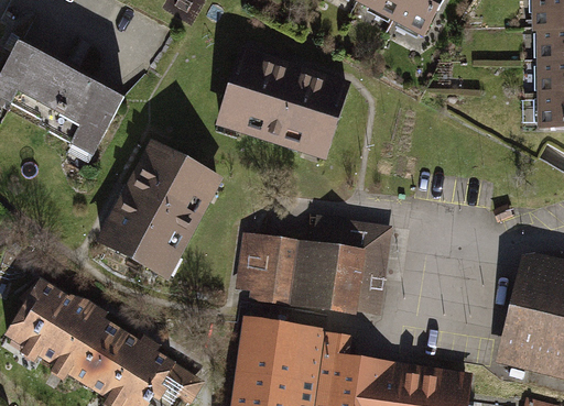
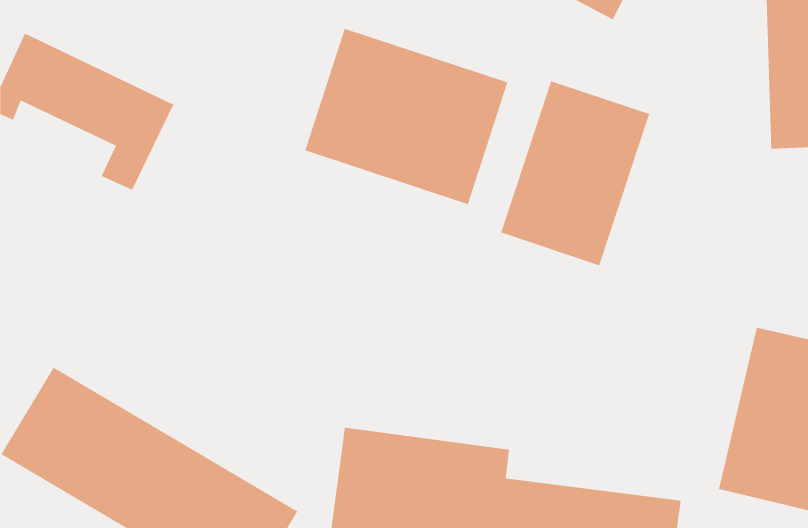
building: none -> [500,80,650,266]
building: [95,139,225,281] -> none
building: [237,213,393,316] -> none

